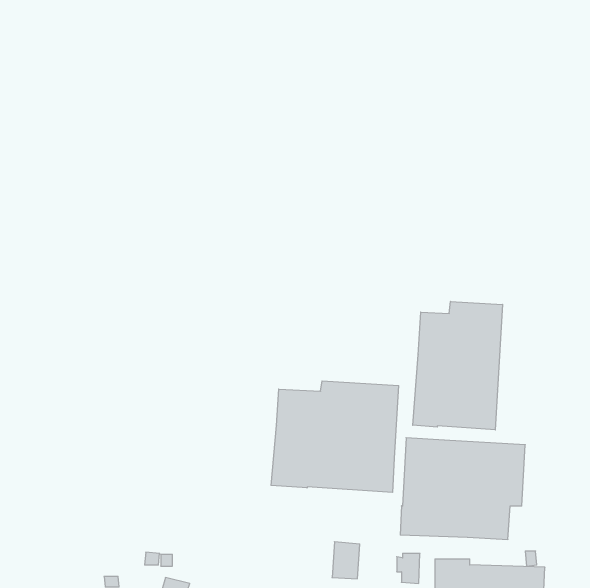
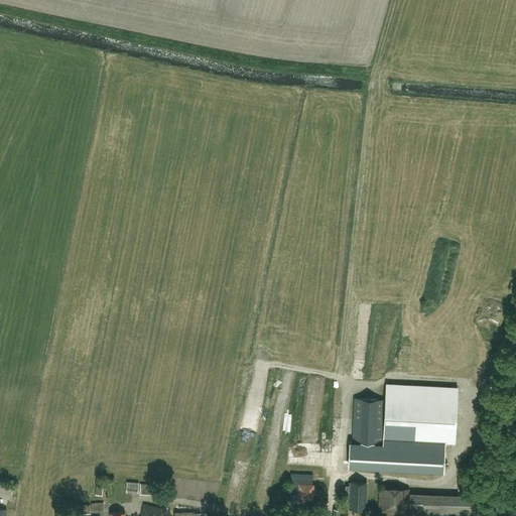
building: [413,301,503,430] -> none
building: [271,381,399,492] -> none

